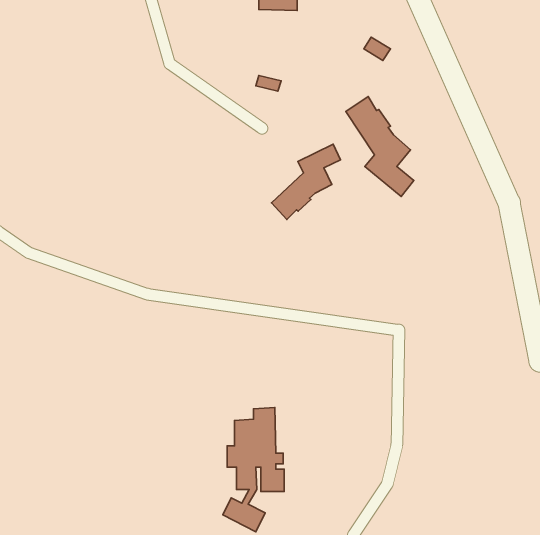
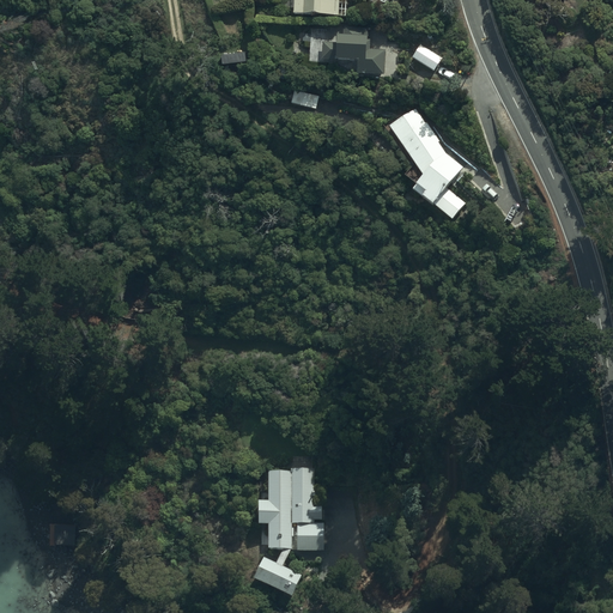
building: none -> [321,26,382,72]
building: [271,144,340,220] -> none

